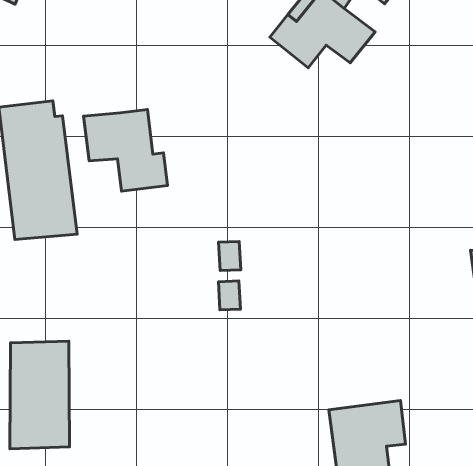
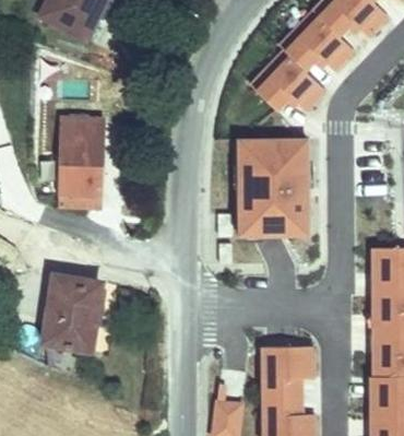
building: none -> [239,140,308,235]
building: [84,109,167,191] -> none

